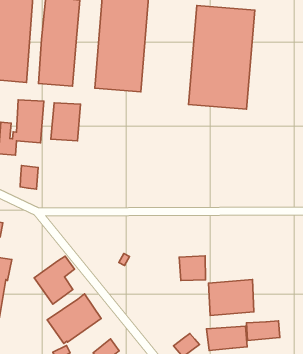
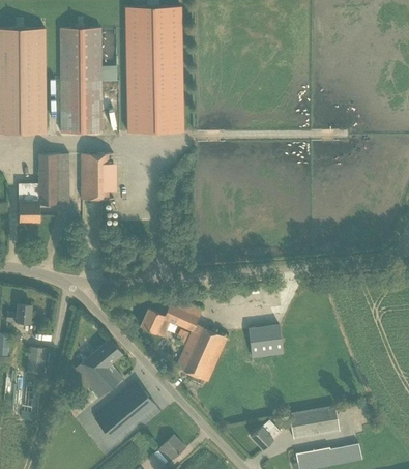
building: [189,5,255,109] -> none
building: [20,165,38,189] -> none
building: none -> [140,296,227,382]
building: [209,280,254,316] -> none
building: [247,321,280,340] -> none

